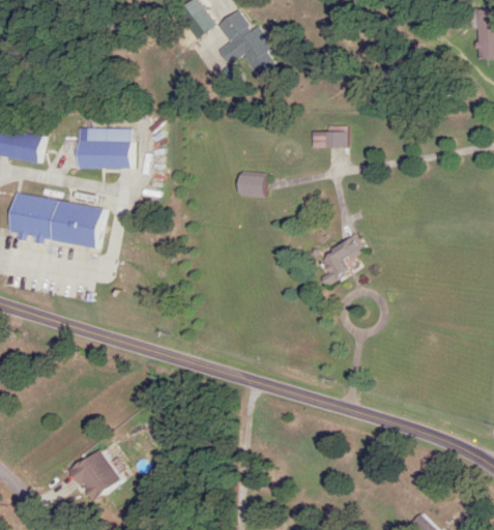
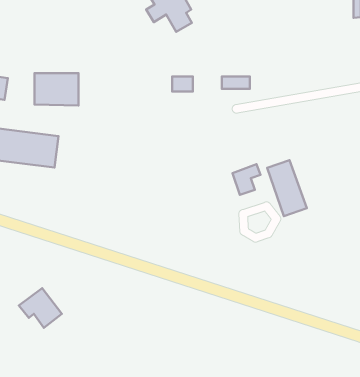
building: [240,175,266,194] -> [172,77,193,91]
building: none -> [267,160,307,216]
building: [68,447,122,497] -> [19,288,62,328]

